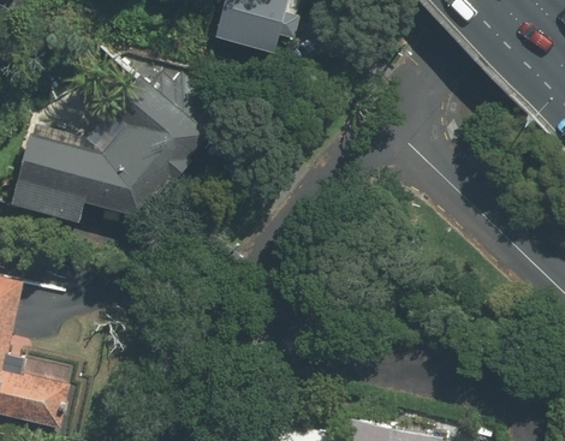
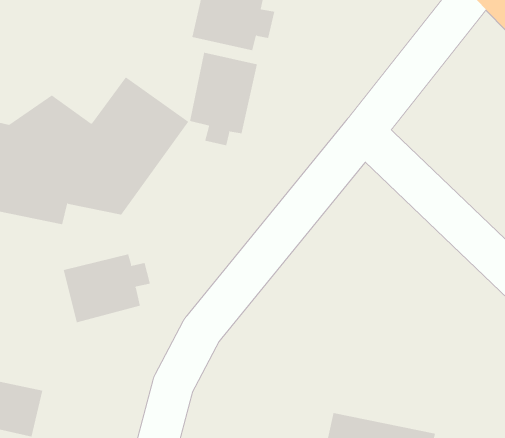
building: none -> [190,52,258,146]
building: none -> [63,253,150,323]

